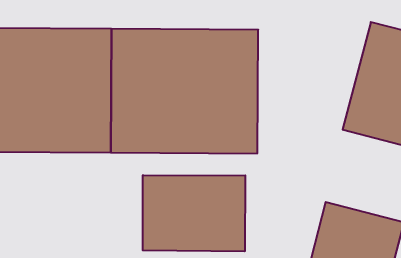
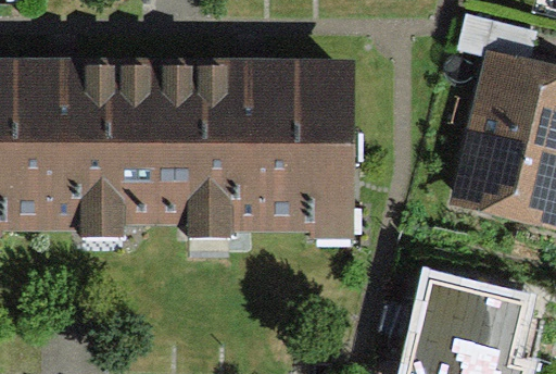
building: [143,175,245,251] -> none

